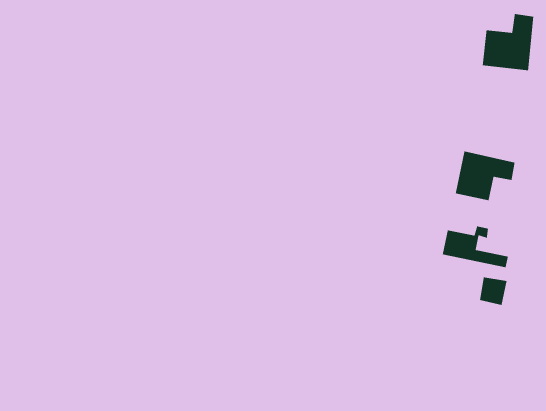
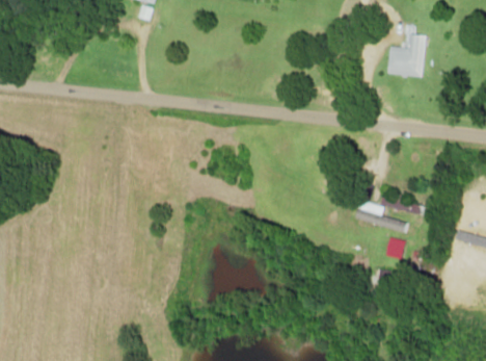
building: [455,151,516,201] -> none

